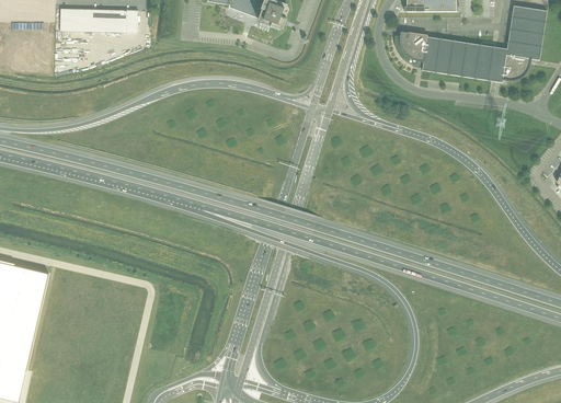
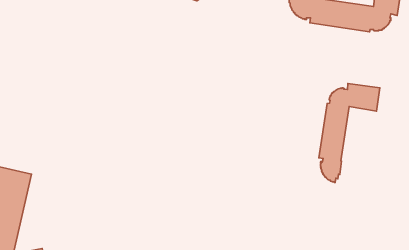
building: none -> [319,83,380,183]

